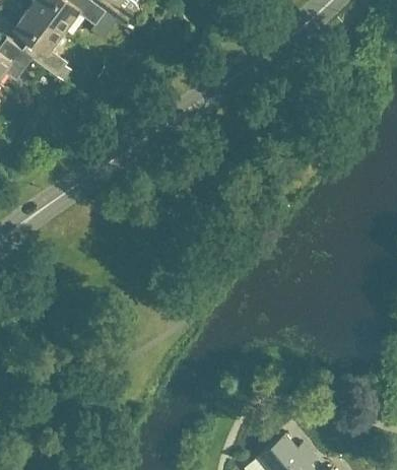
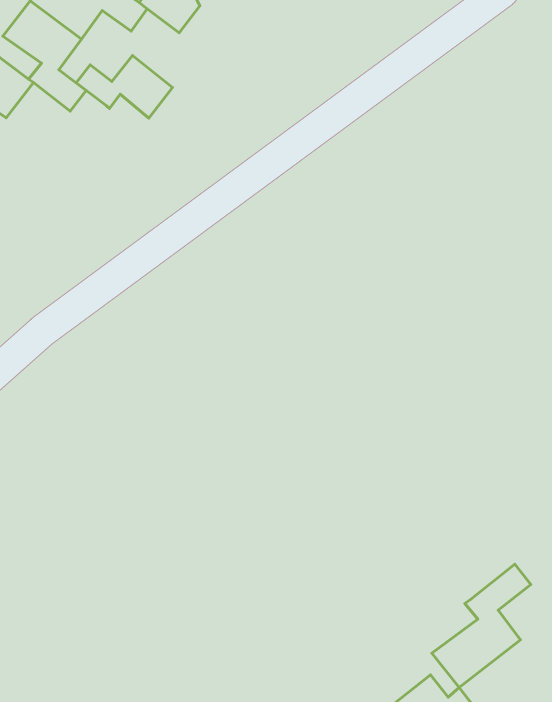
building: none -> [76,56,173,118]
building: none -> [432,564,531,688]

